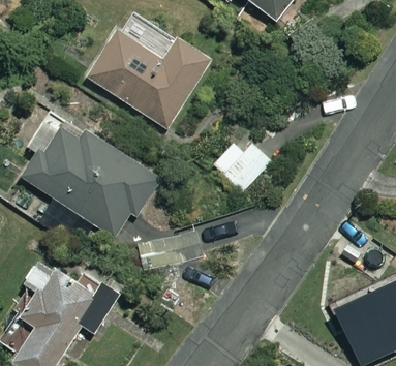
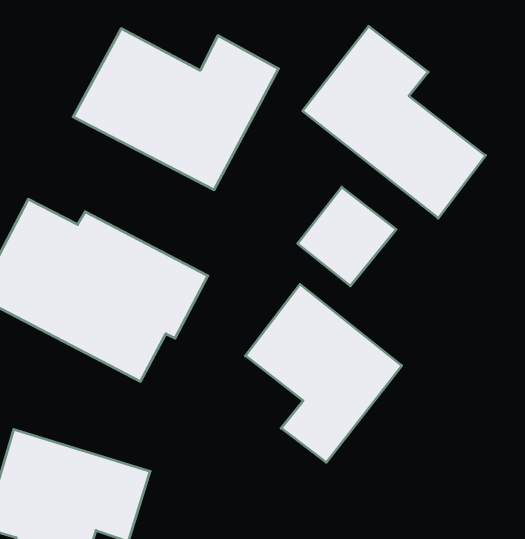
building: none -> [303,26,486,218]
building: none -> [245,284,402,462]

